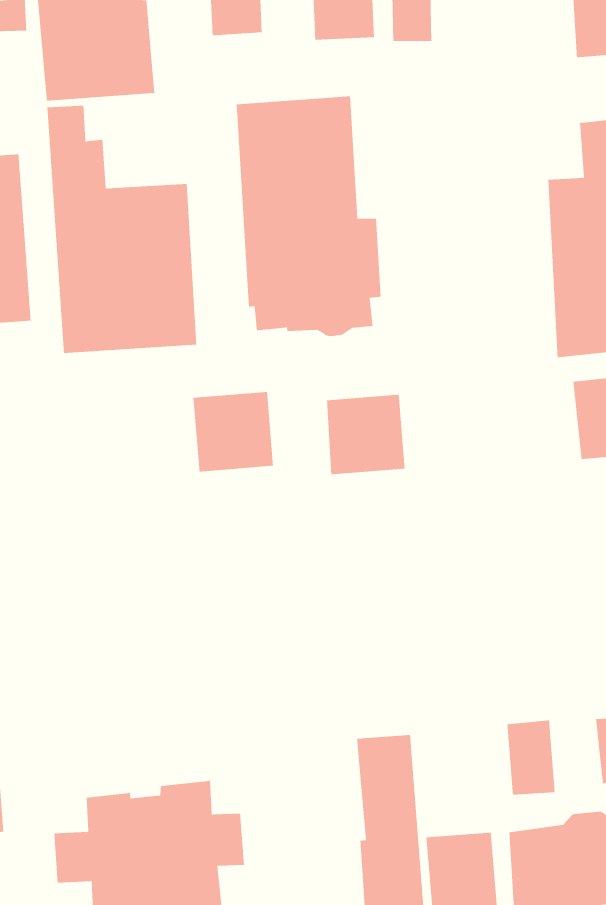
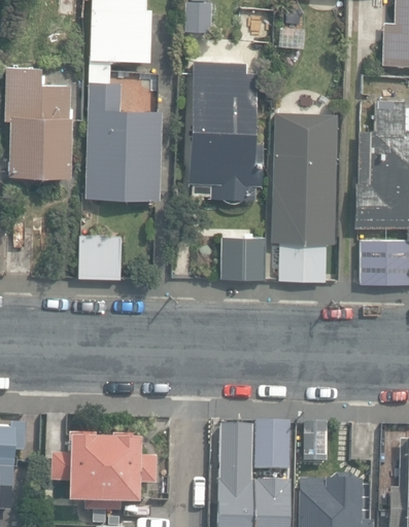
building: none -> [270,111,340,282]
building: [193,391,274,472] -> [78,235,121,277]
building: none -> [253,421,289,469]

